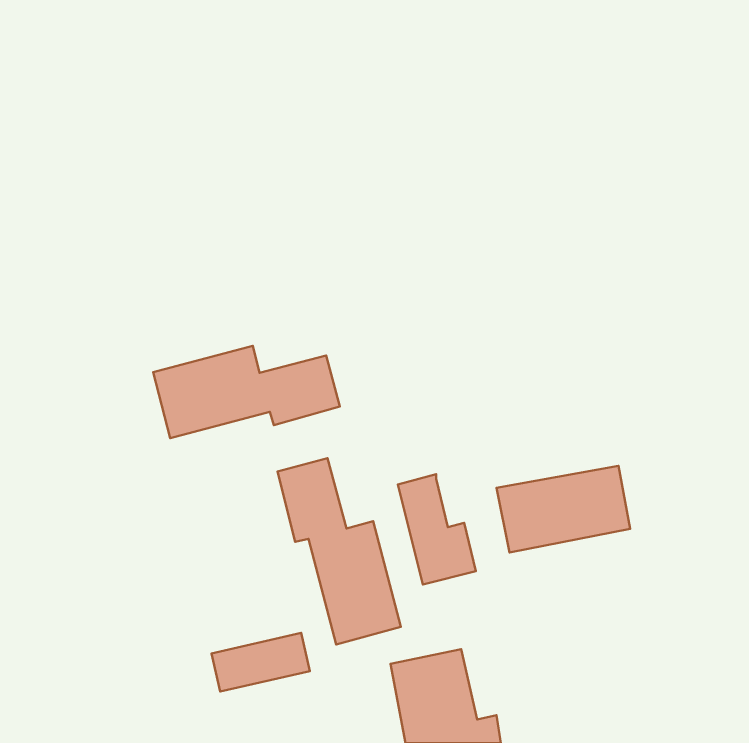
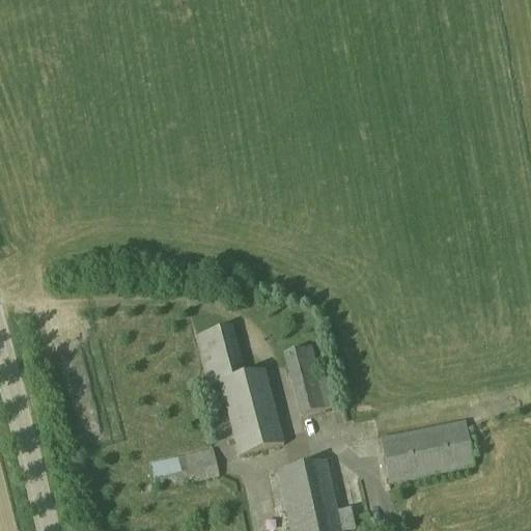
building: [153,346,340,438] -> none
building: [496,466,630,552] -> [381,420,475,481]

